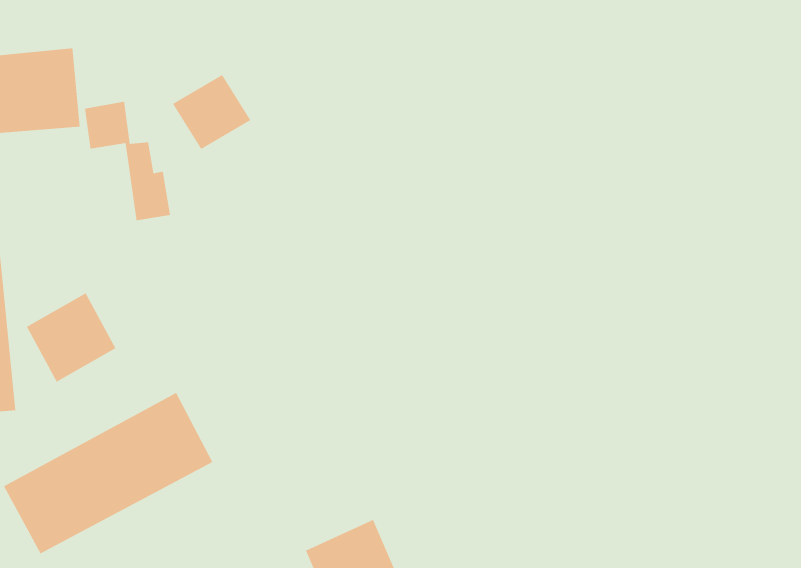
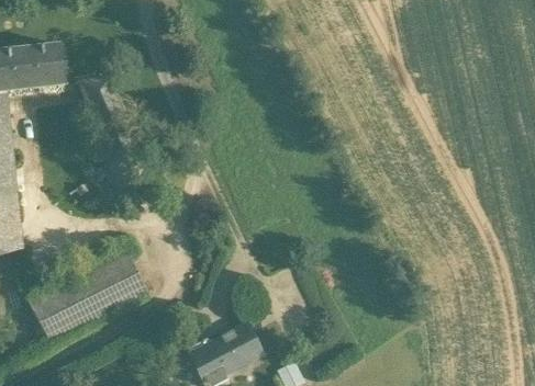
building: [172,74,251,150] -> none
building: [26,292,116,383] -> none

